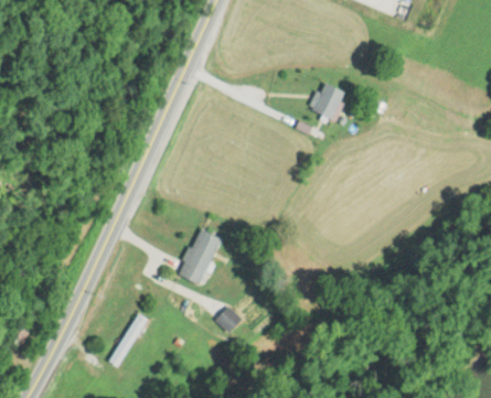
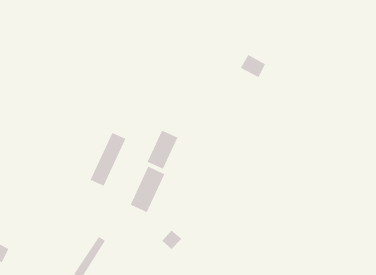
building: none -> [147,130,178,170]
building: none -> [90,132,126,187]

